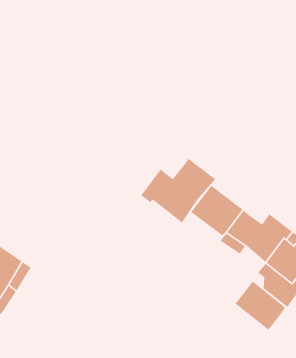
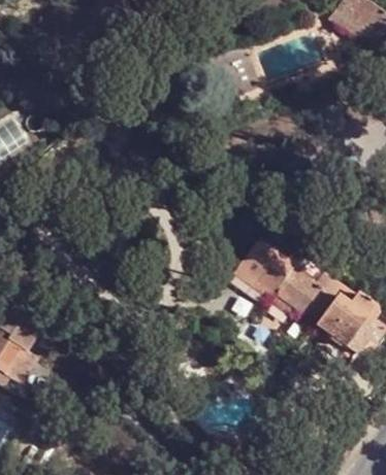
building: [140,158,216,224] -> none
building: [234,280,286,336] -> none

